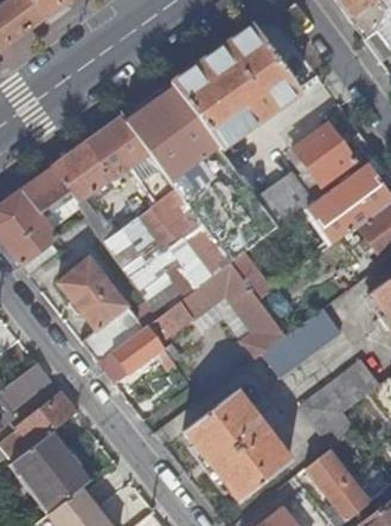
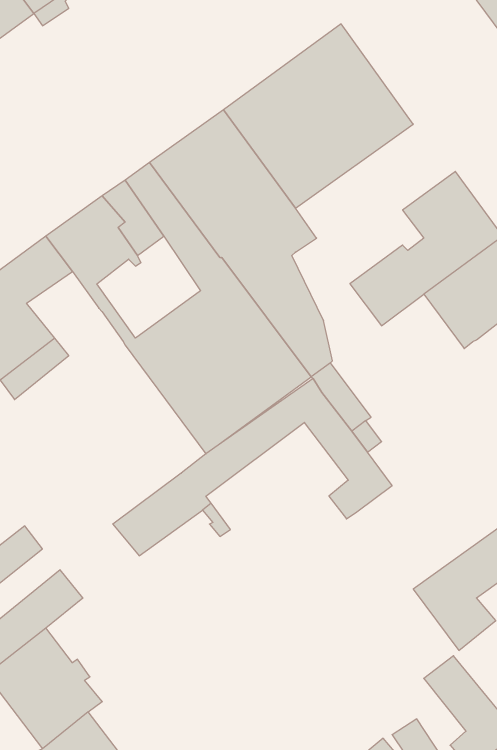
building: [59,258,143,361] -> none
building: [262,308,341,377] -> none
building: [185,391,289,501] -> none

